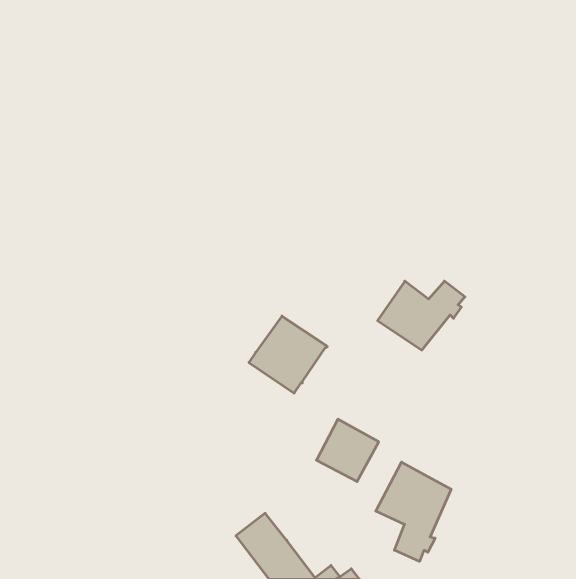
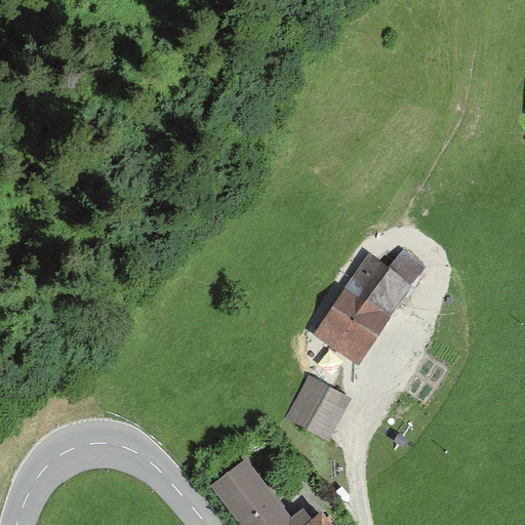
building: [249,316,327,393] -> [315,290,386,360]
building: [376,462,451,561] -> none

